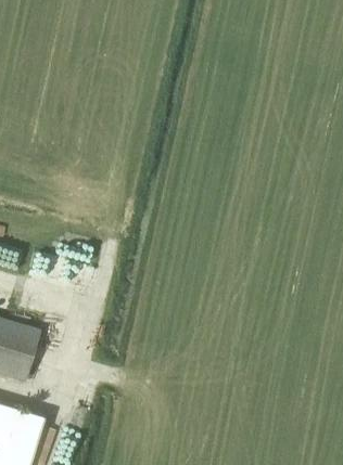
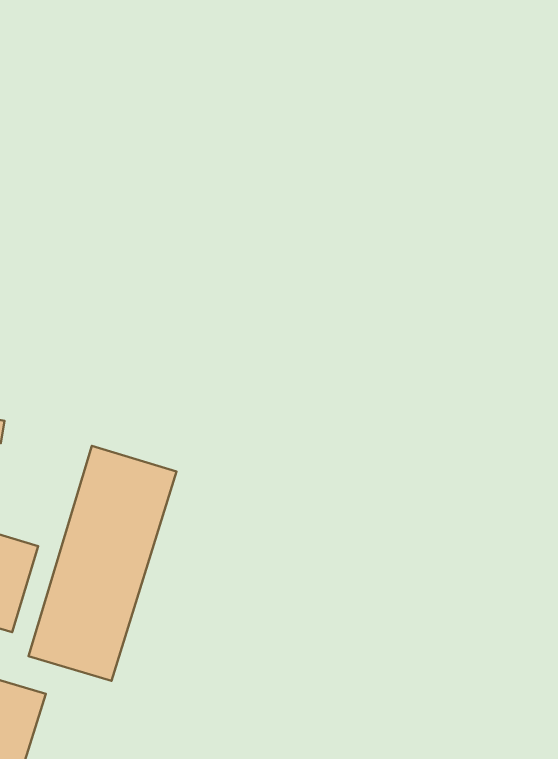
building: none -> [29,446,176,681]

